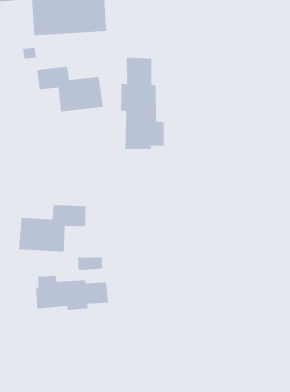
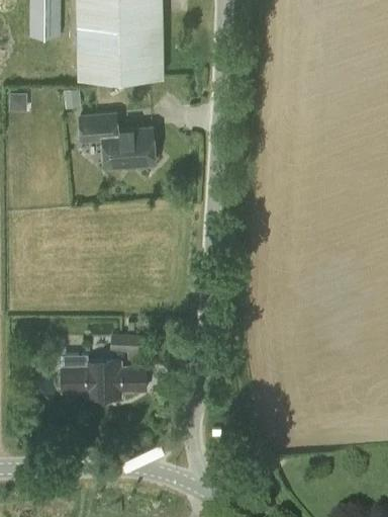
building: [120,57,164,150] -> none
building: [18,204,86,253] -> none

